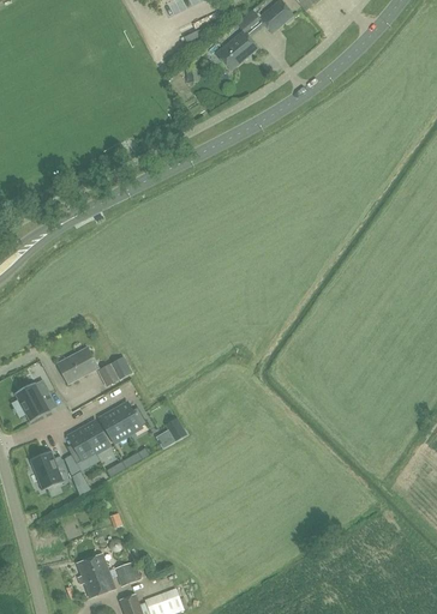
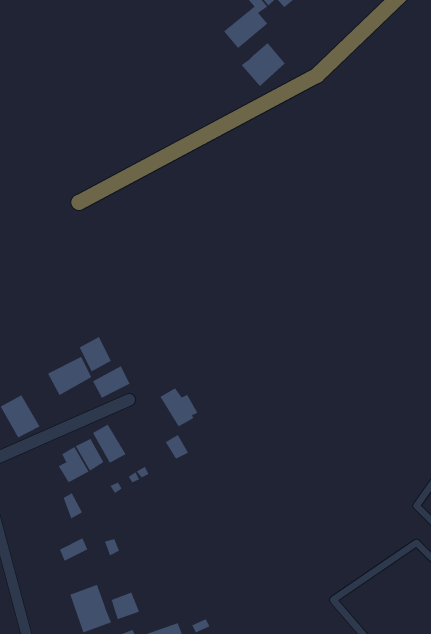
building: none -> [241,42,286,87]
building: none -> [79,336,112,372]
building: [112,399,146,435] -> [160,388,198,427]
building: [31,451,65,488] -> none

